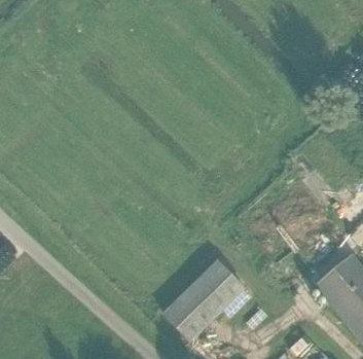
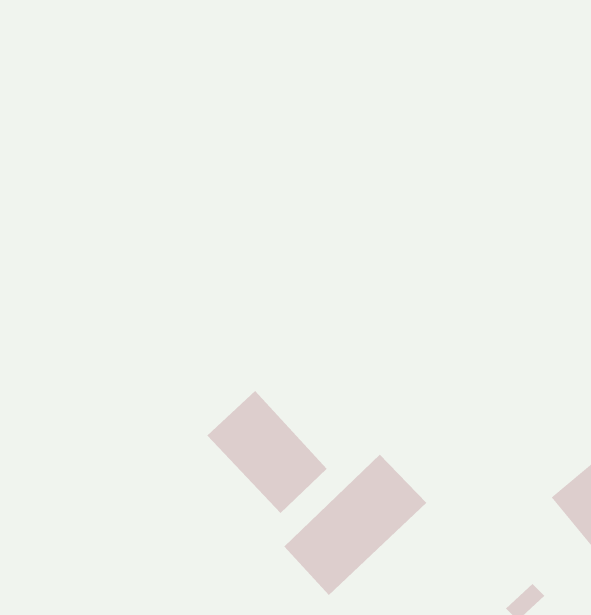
building: none -> [207,390,328,514]

